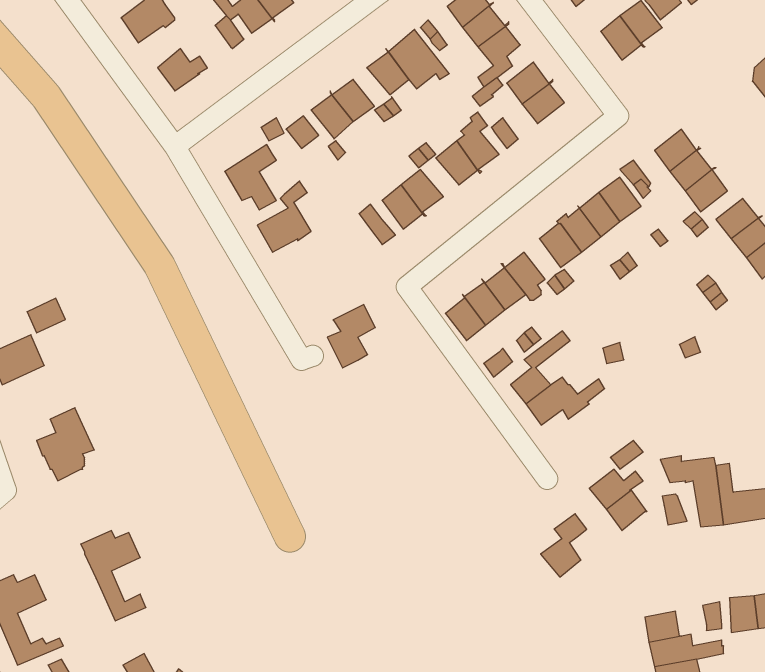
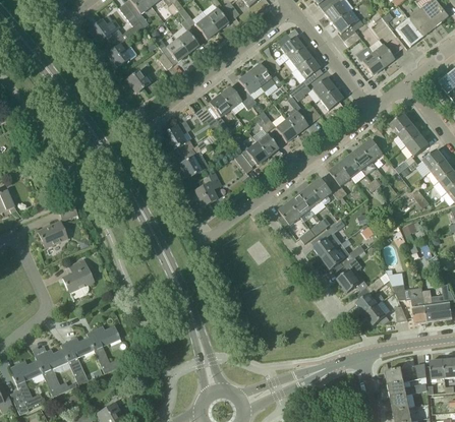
building: [327,305,375,368] -> [194,172,220,205]
building: [541,514,587,577] -> [337,257,361,291]
building: none -> [60,337,94,384]

